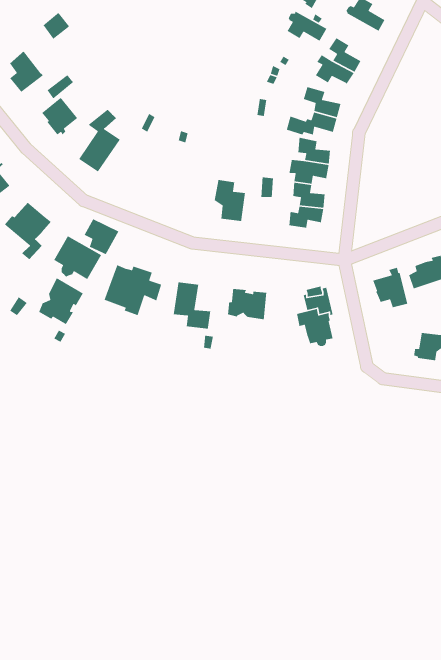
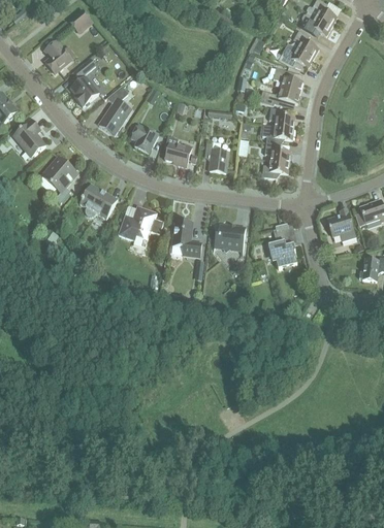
building: [286,10,328,42] -> [299,10,331,35]
building: none -> [164,135,191,166]
building: [83,218,119,255] -> [130,124,158,153]
building: [38,277,84,325] -> none

